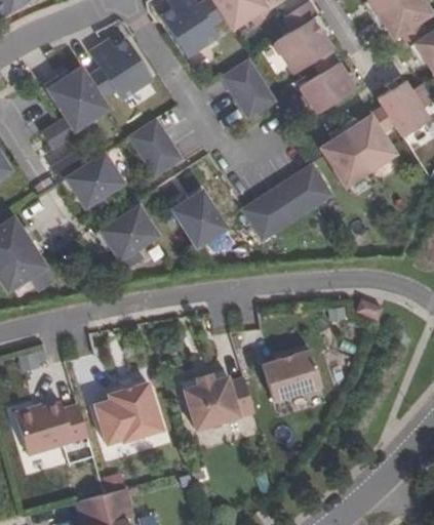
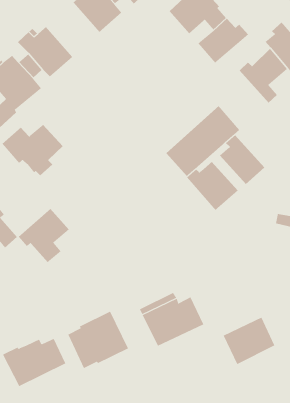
building: [221,59,274,117] -> none
building: [129,119,183,176] -> none
building: [320,126,371,187] -> [219,135,265,185]
building: [169,190,228,248] -> [186,161,238,211]
building: [95,206,157,270] -> [18,208,70,263]
building: [263,350,322,401] -> [223,317,275,365]

